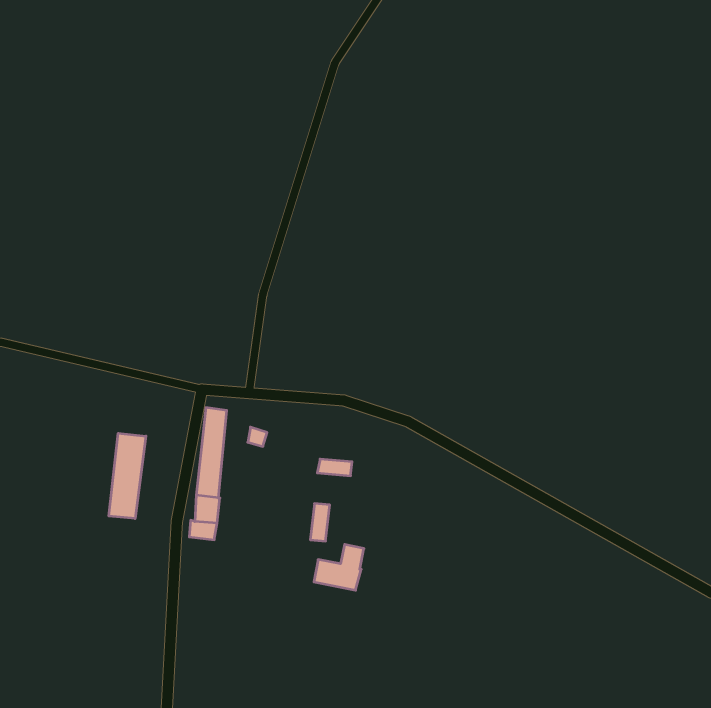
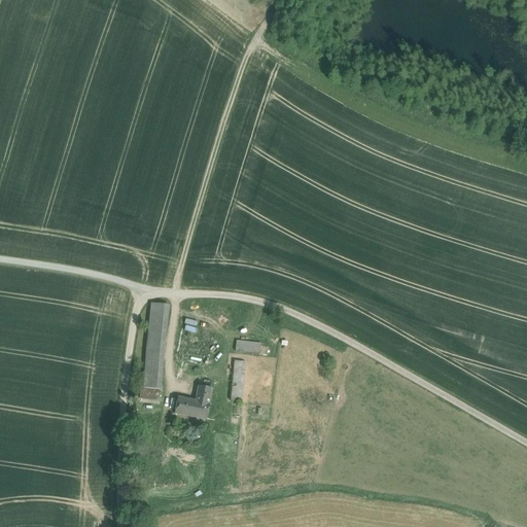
building: [109,433,146,519] -> none
building: [314,544,364,590] -> [175,384,212,418]

